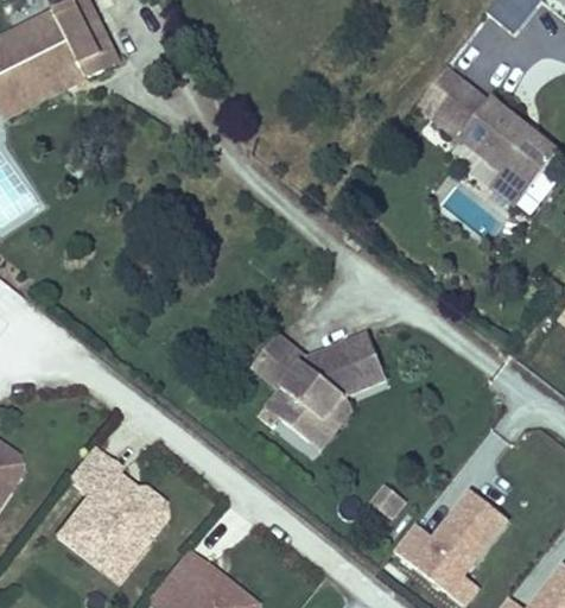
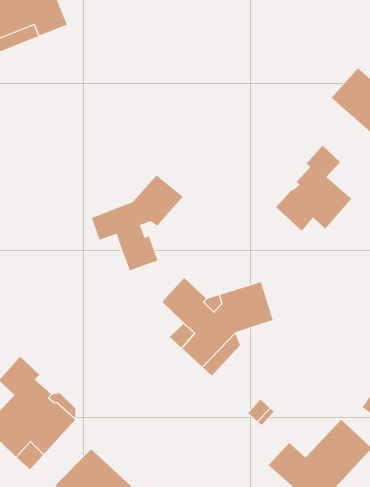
building: none -> [275,145,352,231]
building: none -> [91,175,183,271]

